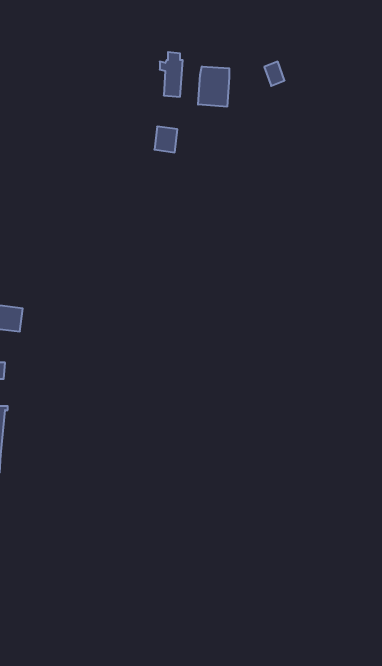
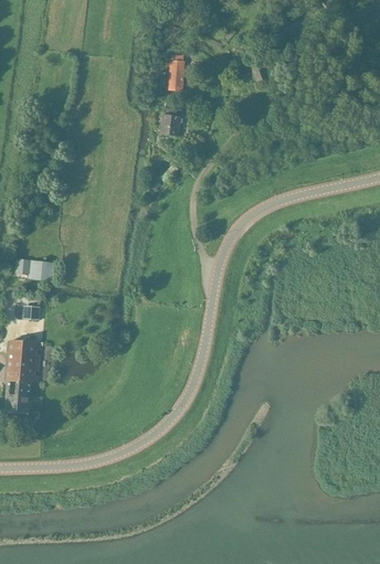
building: [198,66,229,107] -> none

